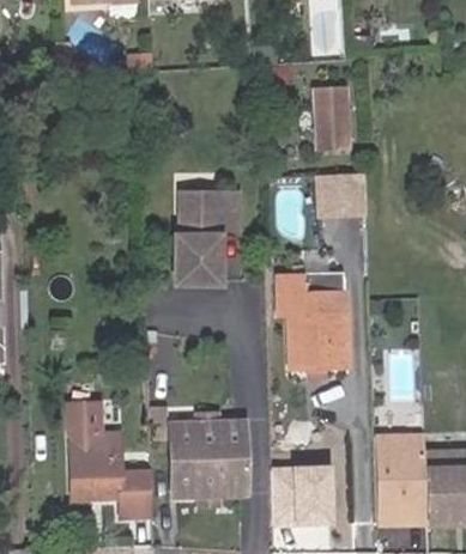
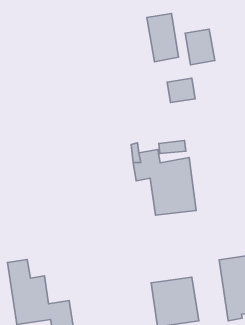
building: none -> [185,29,215,65]
building: [177,189,248,280] -> none
building: [170,426,246,500] -> none

